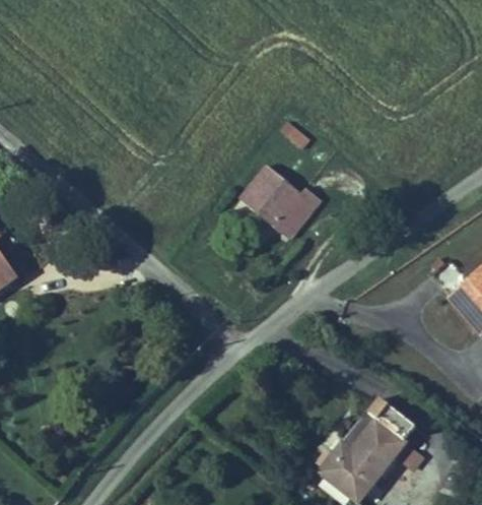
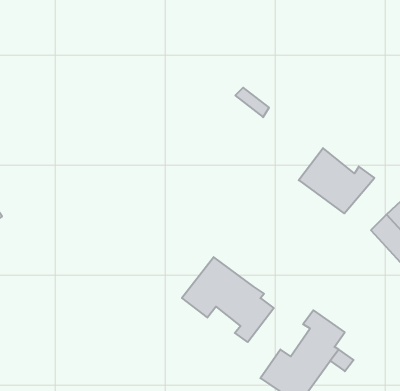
building: [243,168,331,244] -> [299,148,374,213]
building: none -> [182,257,274,342]

